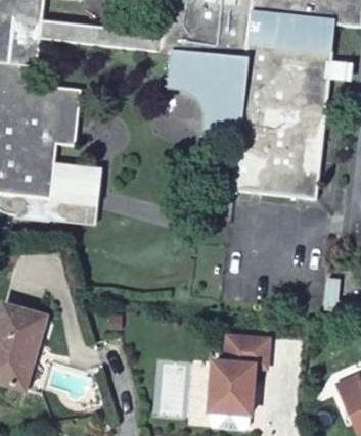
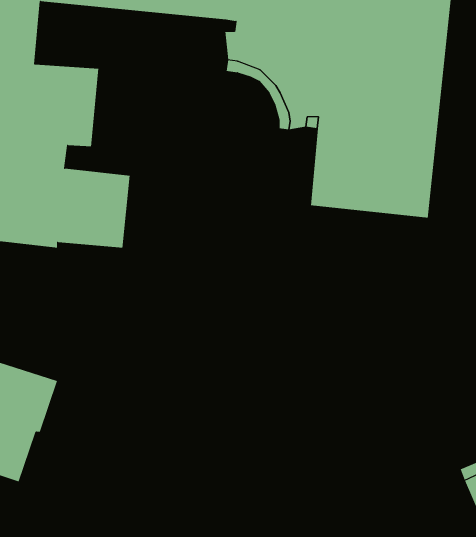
building: [214,326,273,421] -> none

